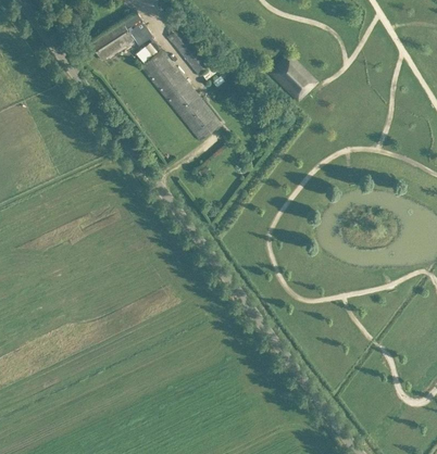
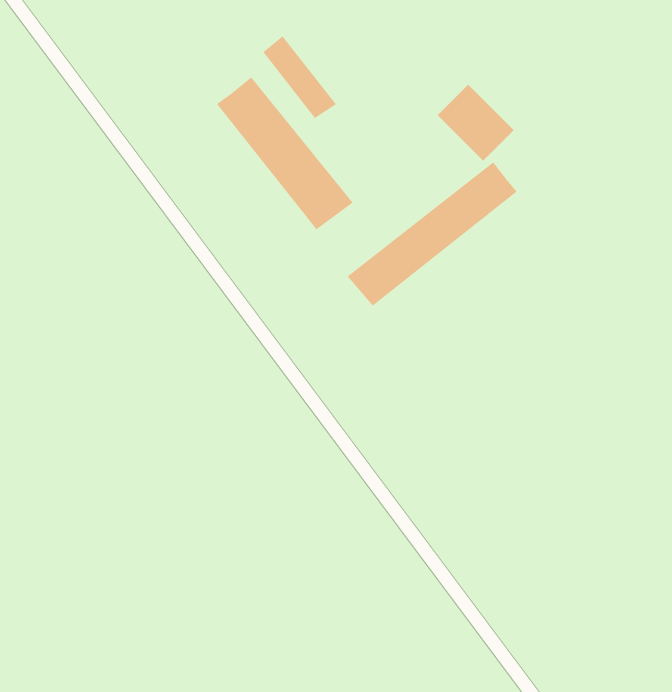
building: [90,13,151,60] -> none
building: none -> [347,161,517,307]

